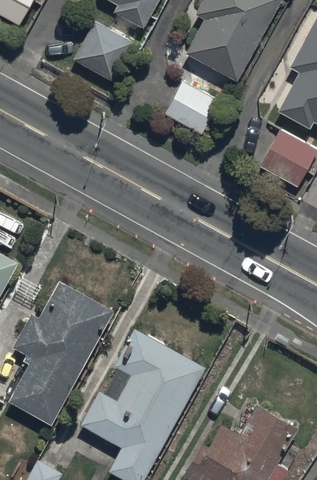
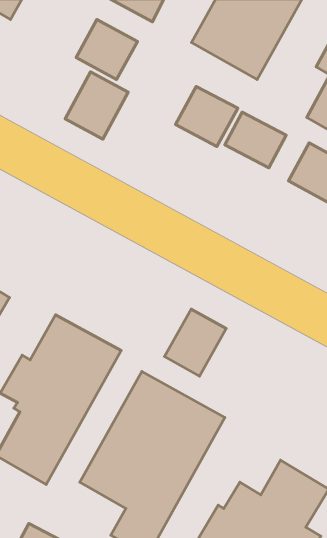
building: none -> [65,72,128,139]
building: none -> [225,112,286,168]
building: none -> [165,309,226,376]

